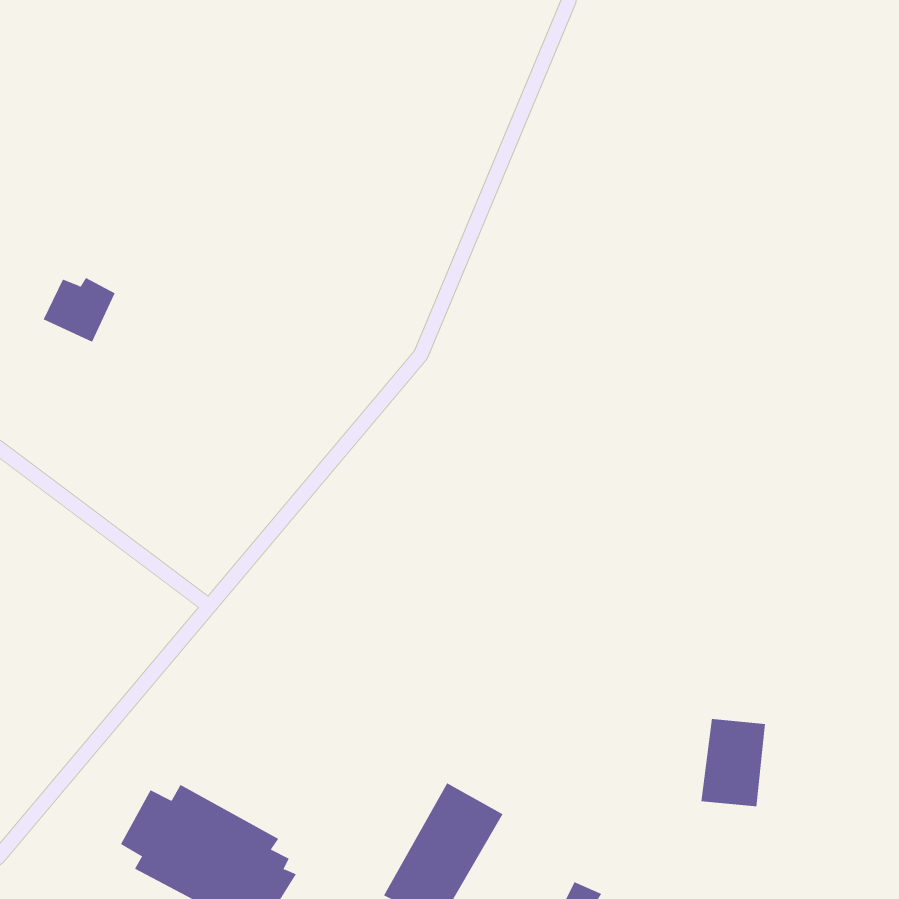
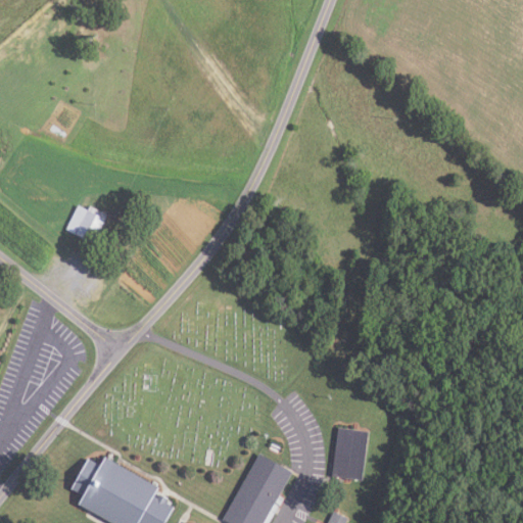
building: [43,277,115,342] -> [64,207,106,245]
building: [701,718,766,807] -> [330,429,368,480]

